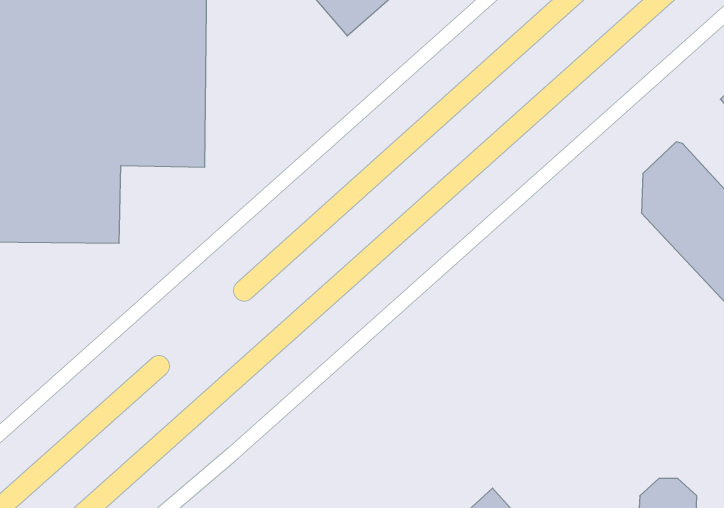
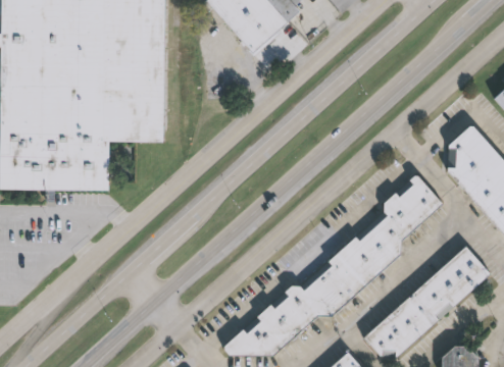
building: none -> [224,176,443,356]
building: none -> [364,246,492,357]

